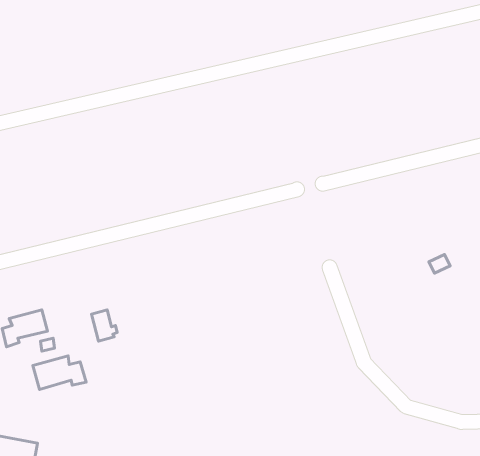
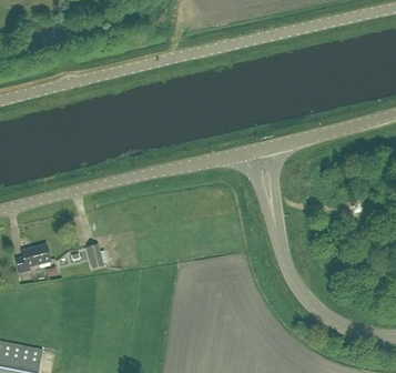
building: [33,356,86,390] -> none

